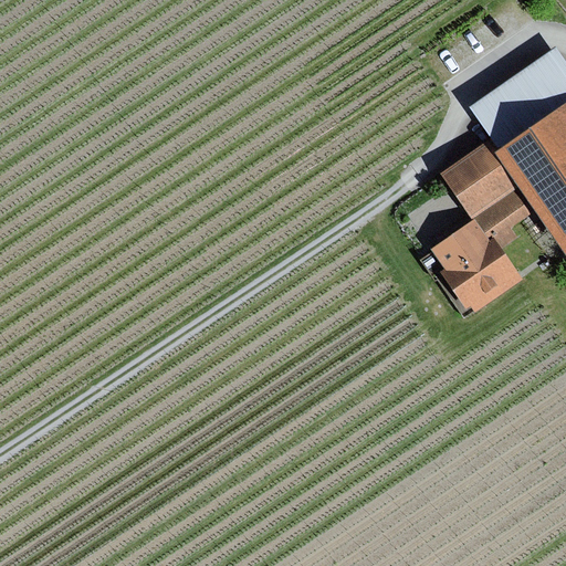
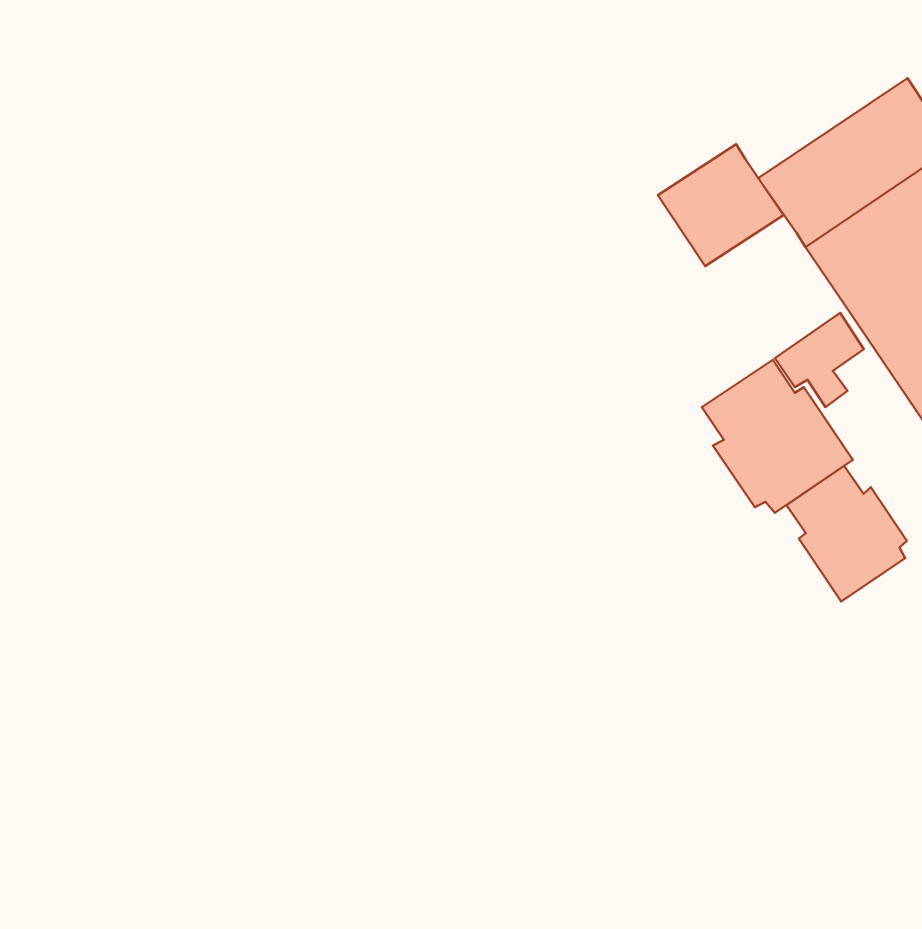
building: [441,142,517,216] -> [658,144,783,266]
building: none -> [787,466,907,601]

